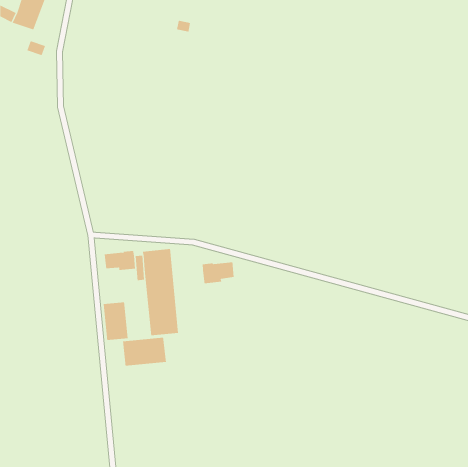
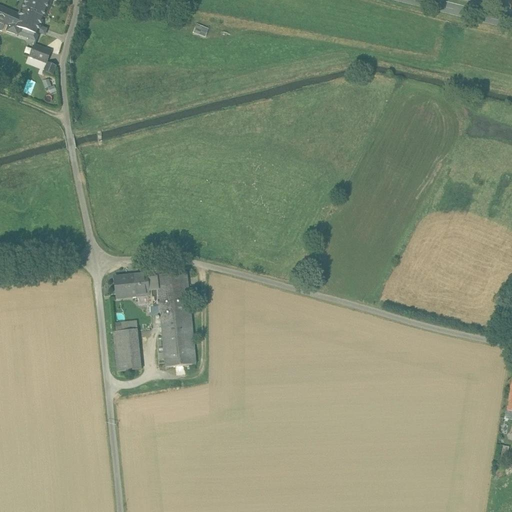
building: [202,261,234,284] -> none
building: [122,337,166,367] -> none

